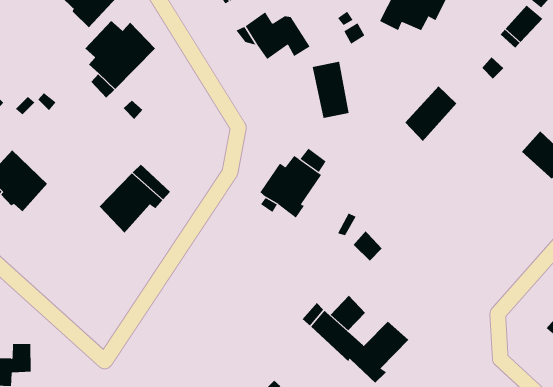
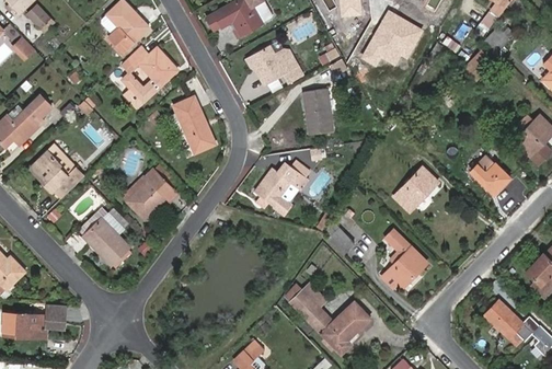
building: none -> [170,96,215,152]
building: [404,86,457,142] -> [394,168,438,212]
building: none -> [382,229,427,287]
building: none -> [82,218,129,265]

